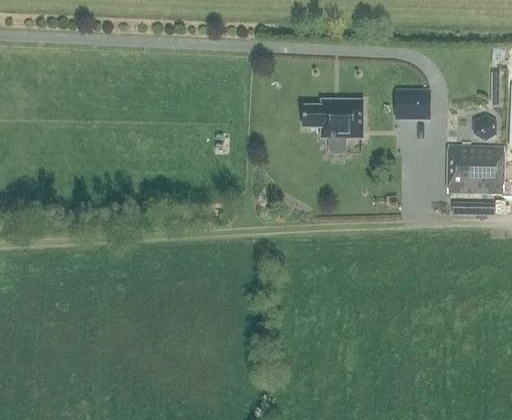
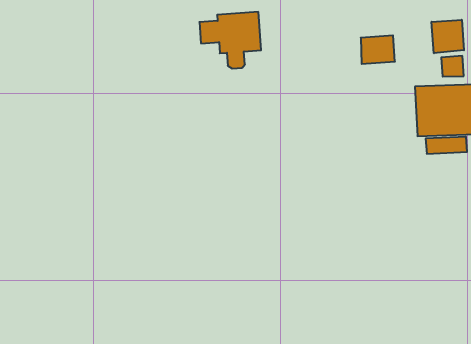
building: none -> [432,20,464,53]
building: [303,99,362,153] -> [199,12,261,69]

